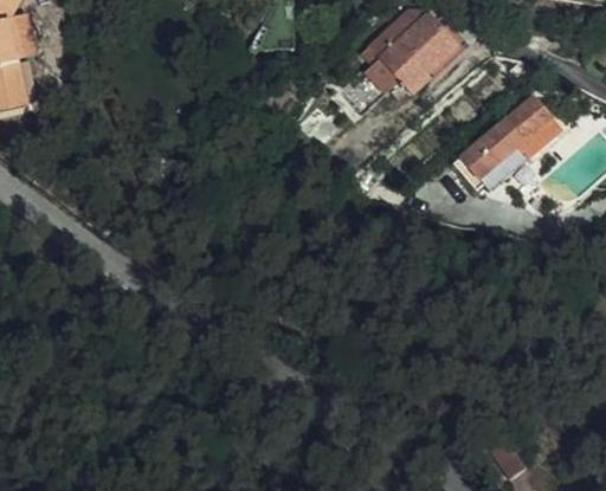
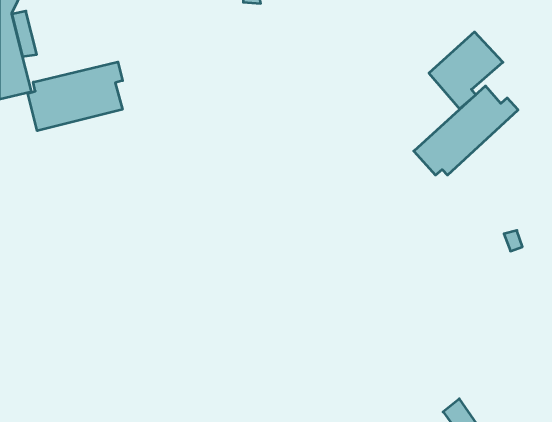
building: [375,12,456,96] -> [429,32,503,109]
building: none -> [28,62,123,131]

